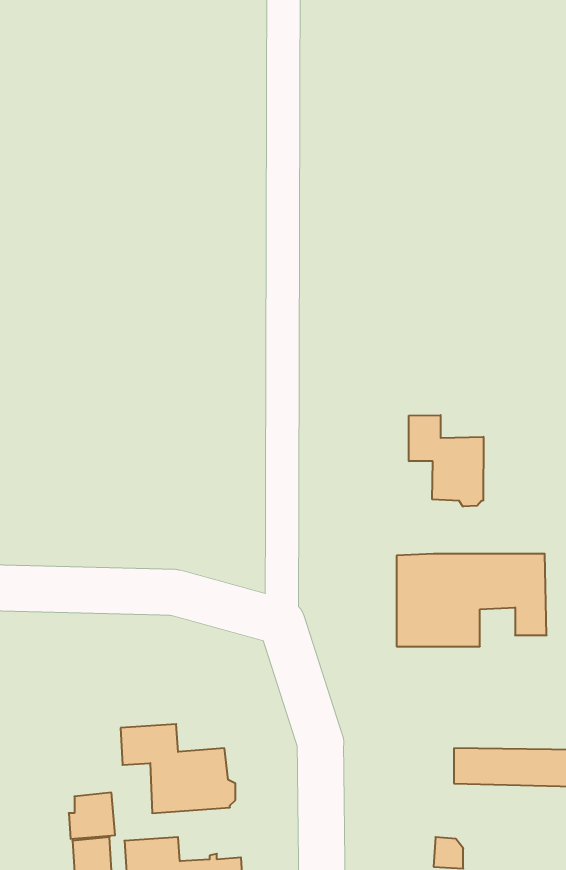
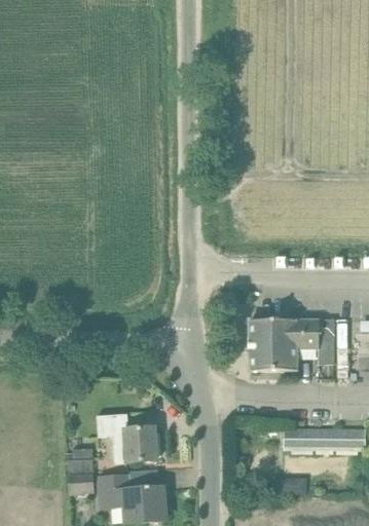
building: [409,415,483,507] -> none

